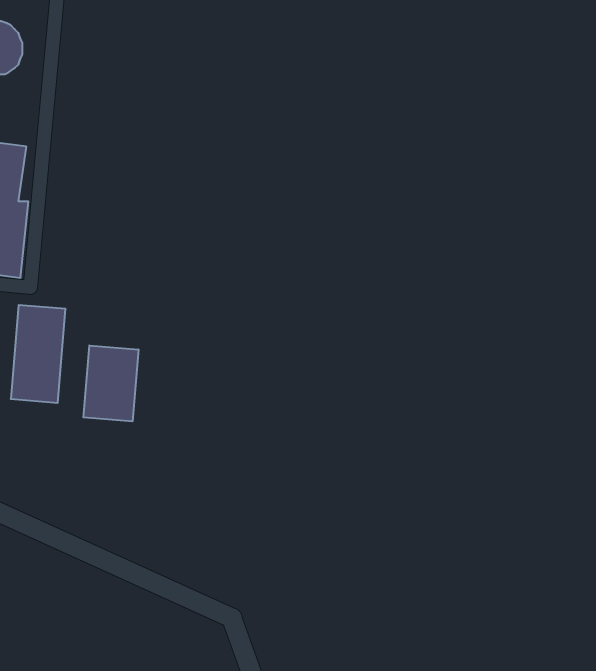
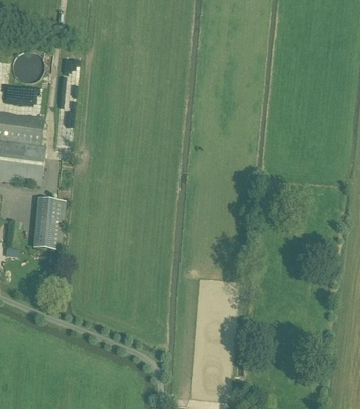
building: [83,345,138,421] -> none

